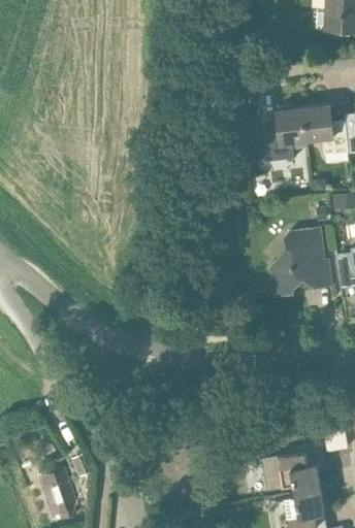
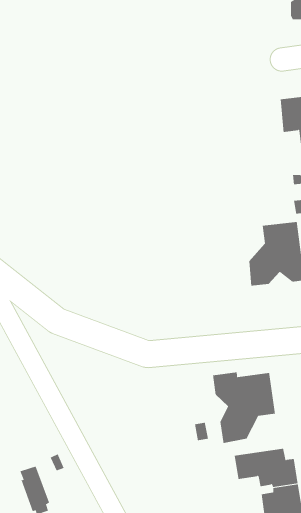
building: [265,105,305,161] -> none
building: none -> [212,371,276,444]

